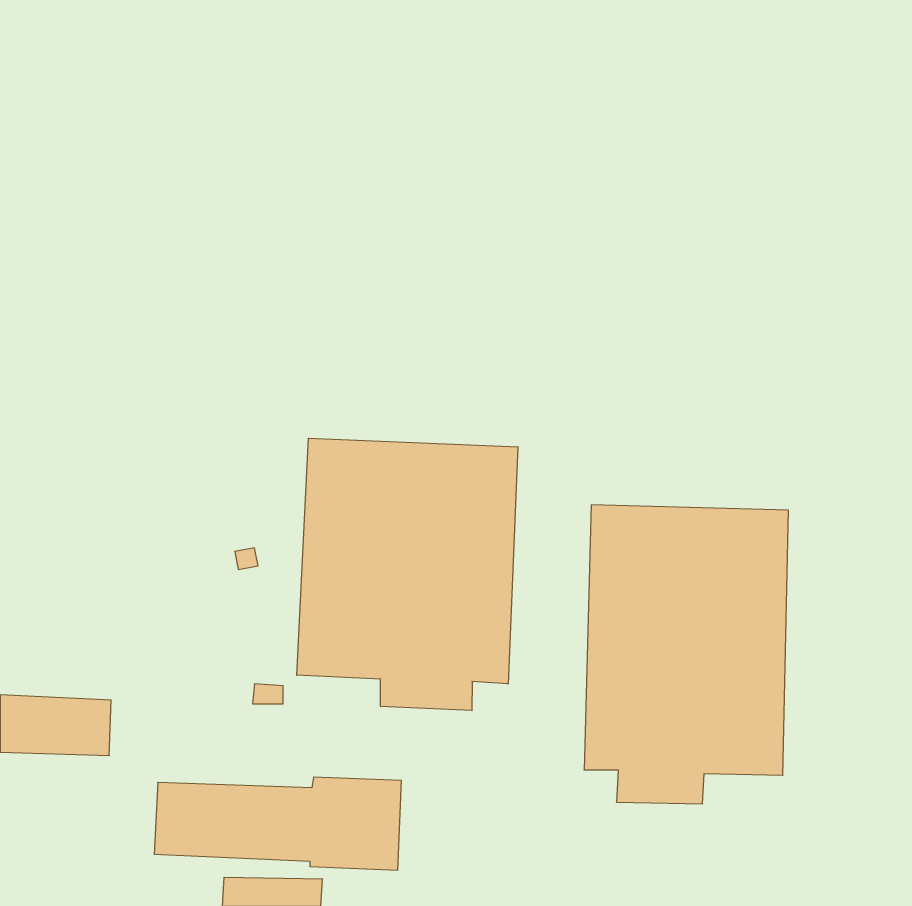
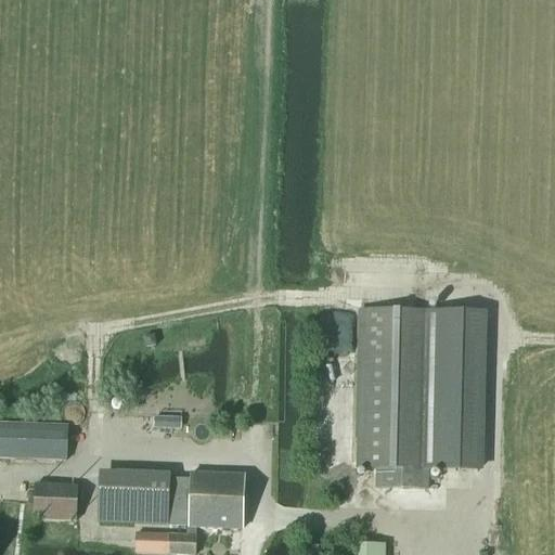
building: [297,438,518,711] -> none
building: none -> [37,485,79,518]

